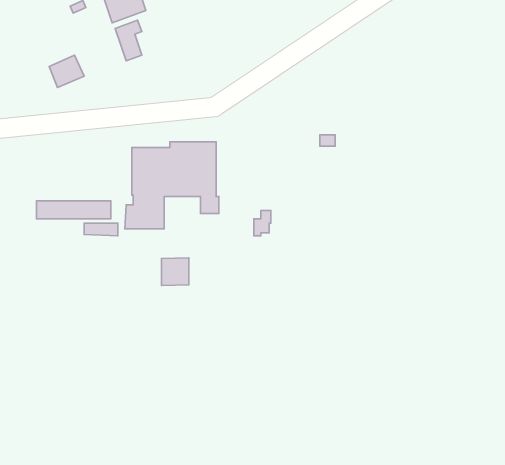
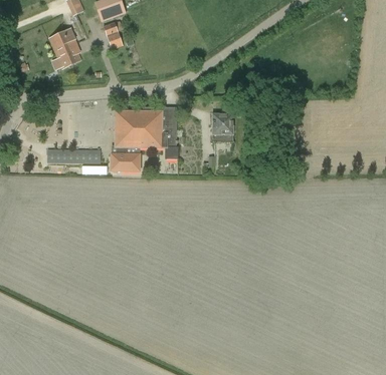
building: none -> [49,29,74,54]
building: none -> [212,115,232,143]
building: [161,258,189,286] -> none

